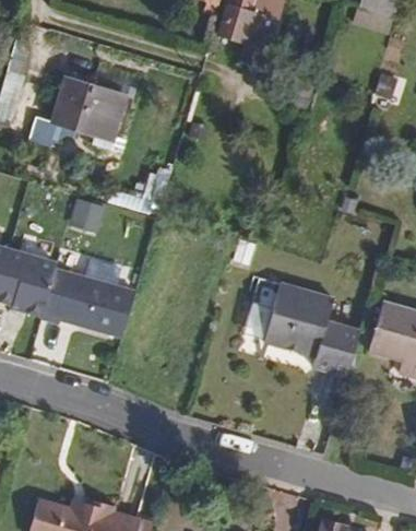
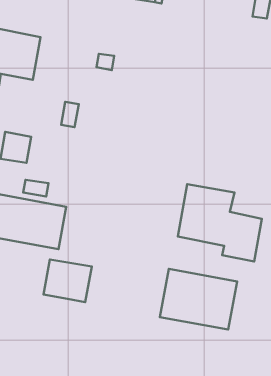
building: none -> [43,260,92,302]
building: none -> [160,269,237,330]

